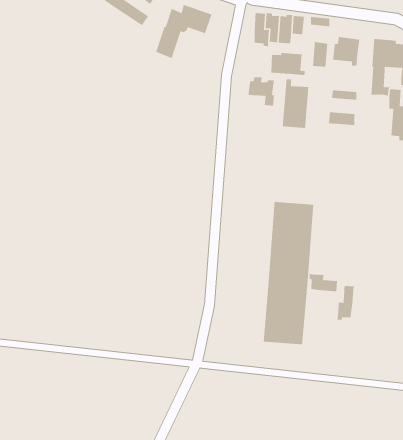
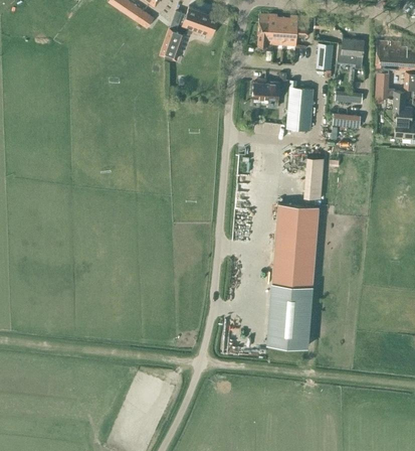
building: [270,52,306,76] -> none
building: none -> [304,157,324,199]
building: [309,273,338,292] -> none
building: [337,285,354,320] -> none

